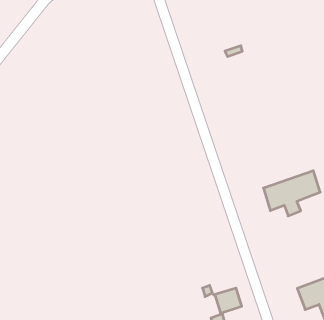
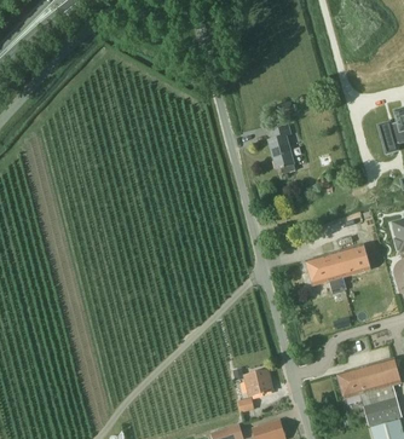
building: none -> [267,126,295,173]

